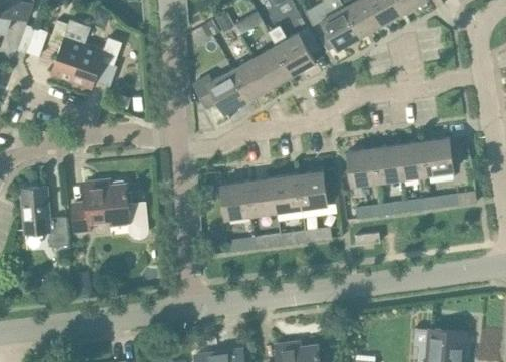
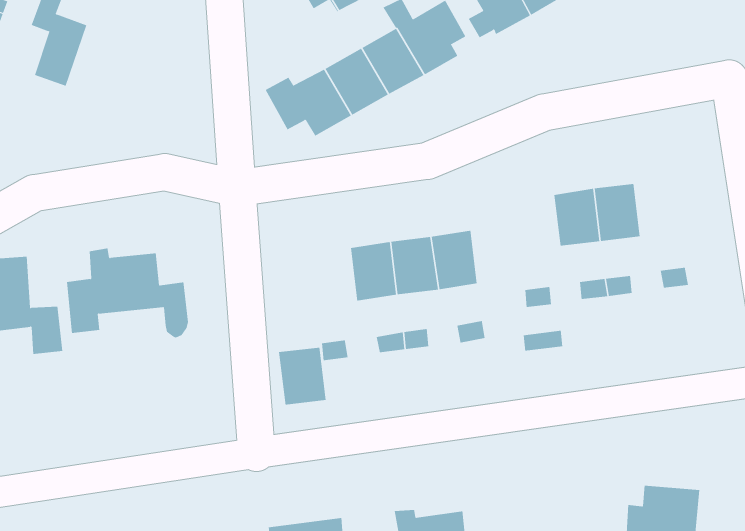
building: [71,39,122,89] -> none
building: [424,138,454,175] -> none
building: [348,149,378,186] -> none
building: [221,183,251,219] -> [278,347,327,405]

